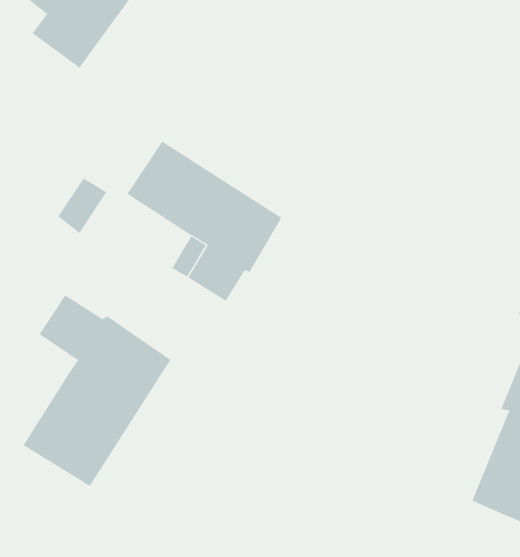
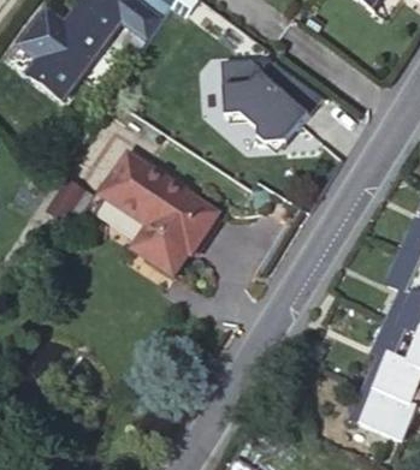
building: none -> [224,56,321,149]
building: [23,294,171,487] -> none

